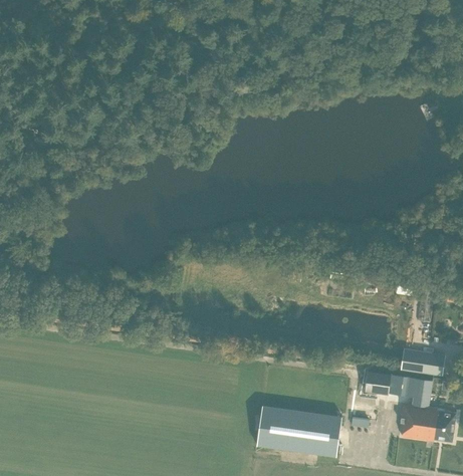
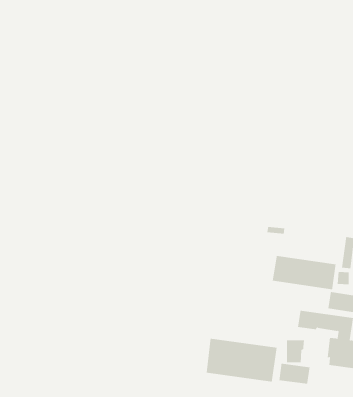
building: none -> [272,255,336,290]
building: none -> [279,363,310,385]

